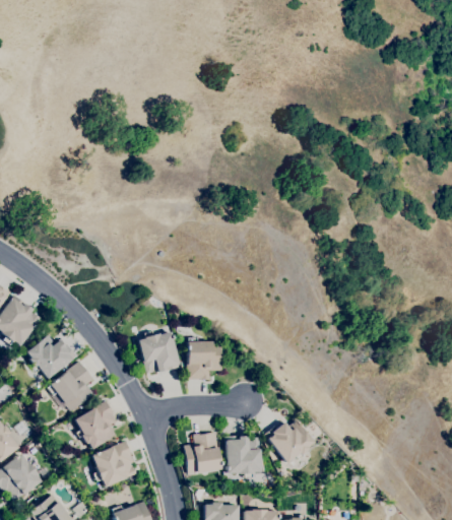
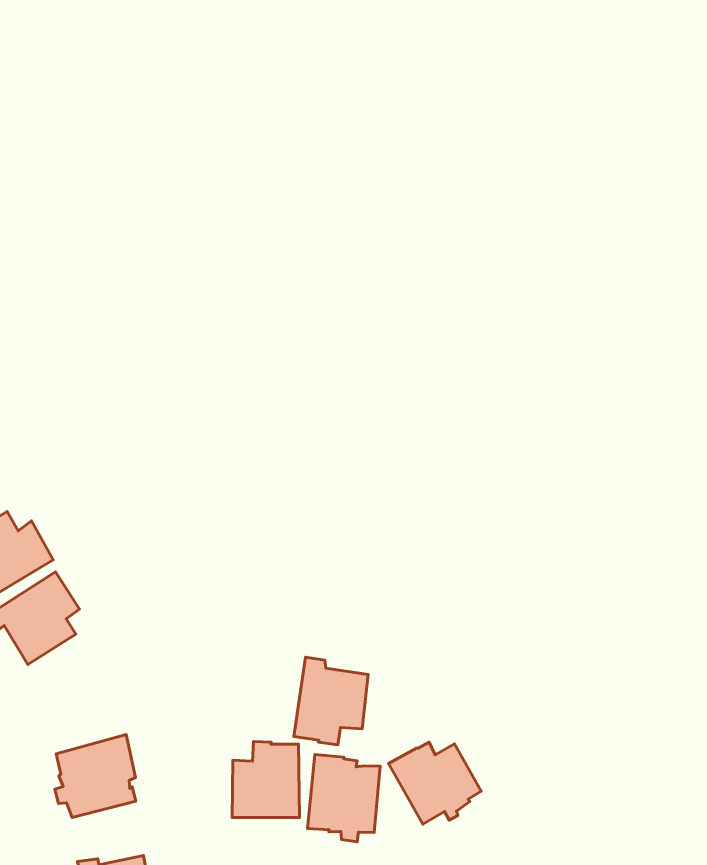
building: [138,330,181,374] -> none
building: [188,337,222,380] -> [294,657,368,745]
building: [75,400,118,449] -> none

